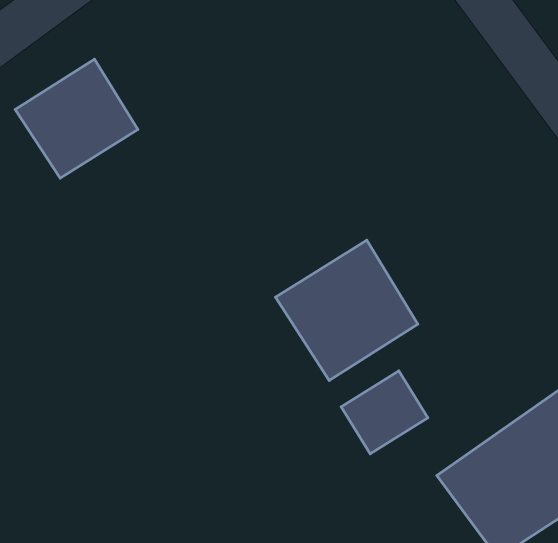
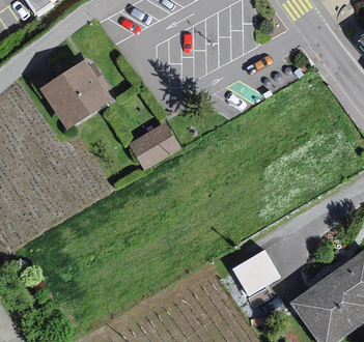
building: none -> [128,118,180,167]
building: [276,240,418,380] -> none

